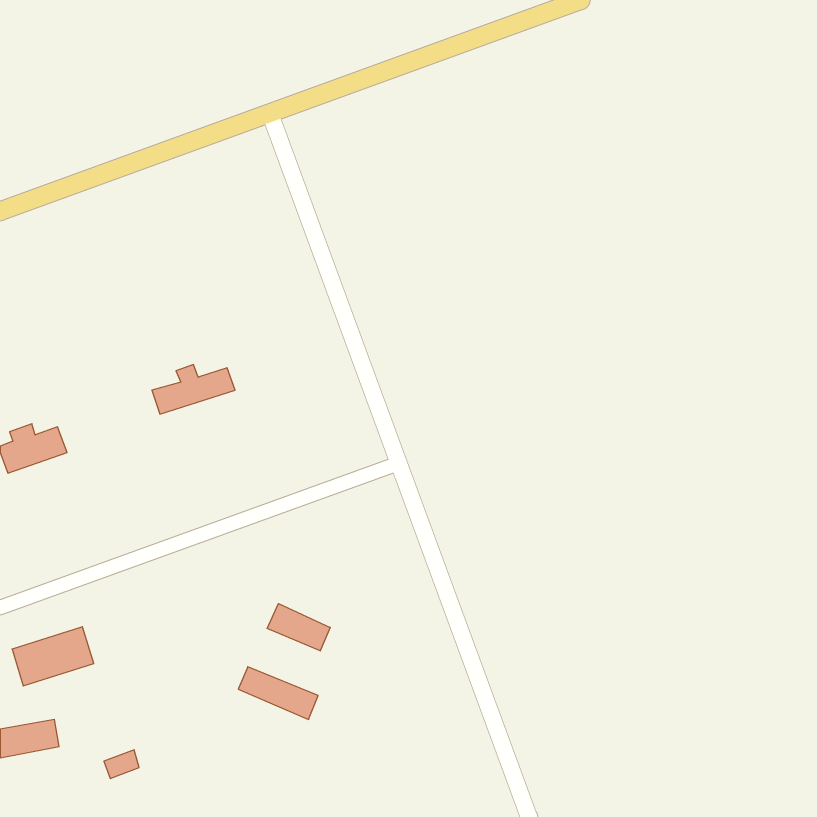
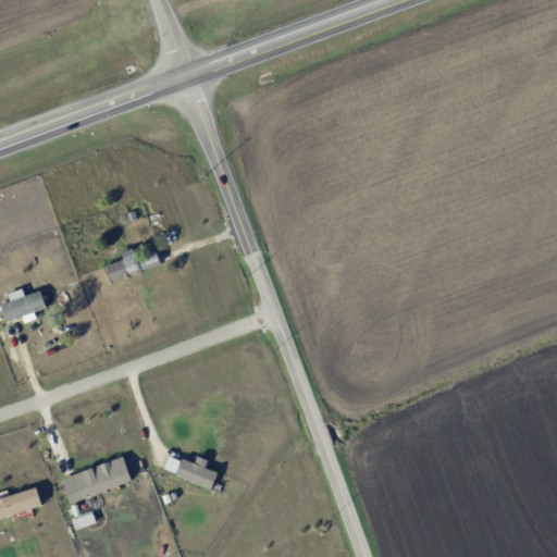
building: [267,604,330,651] -> none
building: [12,627,94,686] -> [75,457,131,497]

